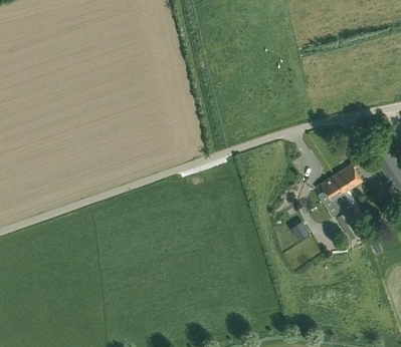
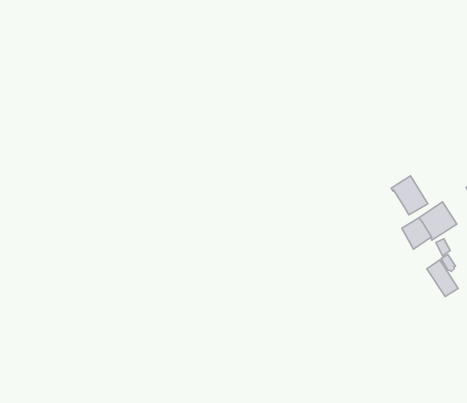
building: none -> [391,176,428,215]

